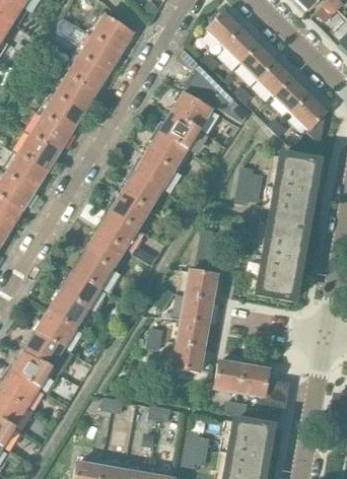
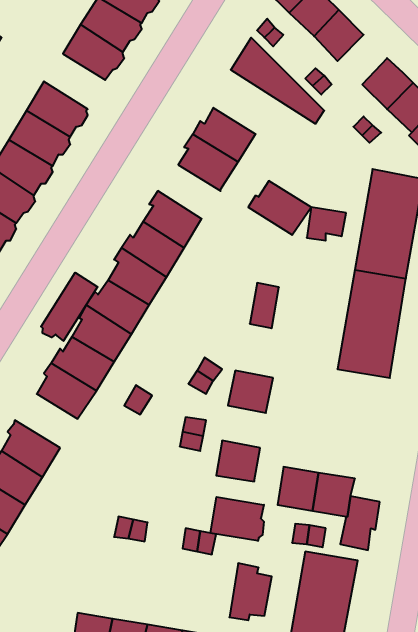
building: [258,61,292,95] -> none
building: [54,74,96,113] -> none
building: [171,89,213,130] -> none
building: [133,151,177,189] -> [248,181,311,235]
building: none -> [41,273,98,341]
building: [187,270,217,299] -> none
building: [33,311,77,348] -> none
building: [178,319,208,348] -> none
building: none -> [211,497,264,541]

